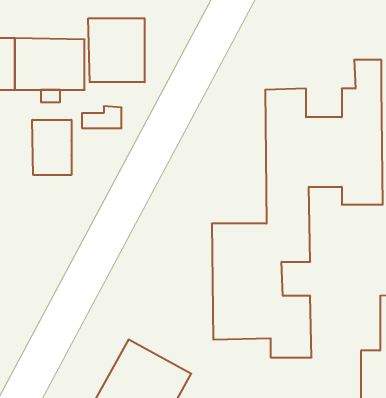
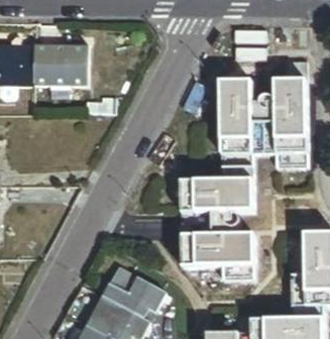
building: [88,18,145,82] -> none
building: [32,120,71,175] -> none

